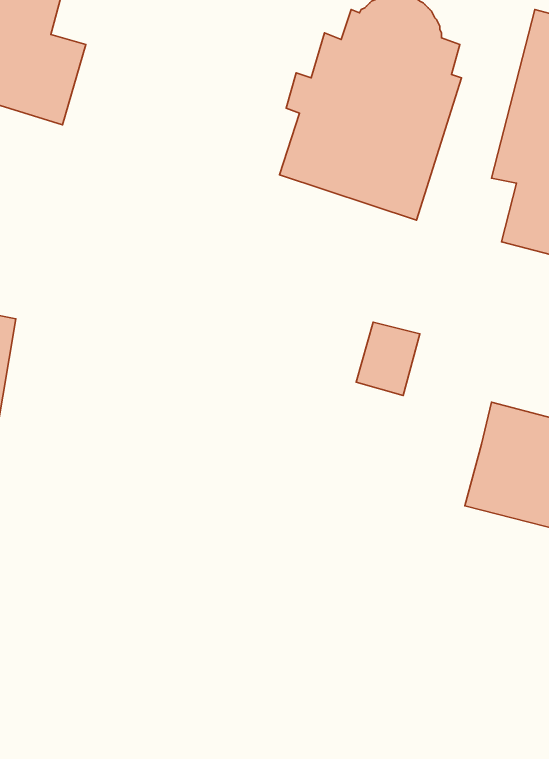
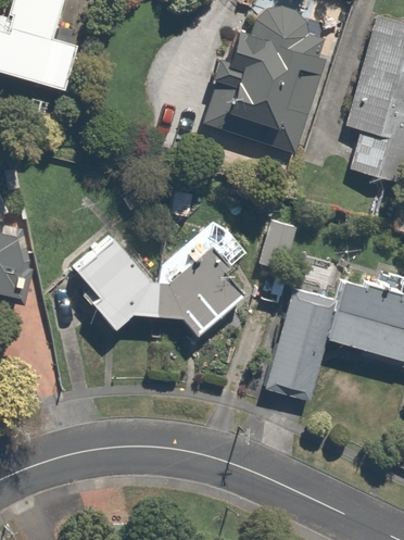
building: none -> [76,237,244,335]
building: none -> [265,288,338,404]

